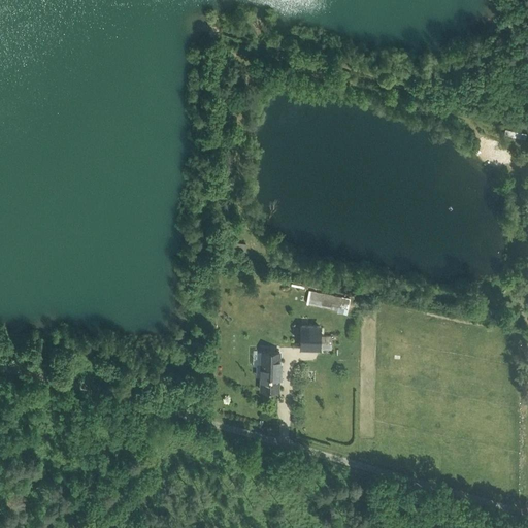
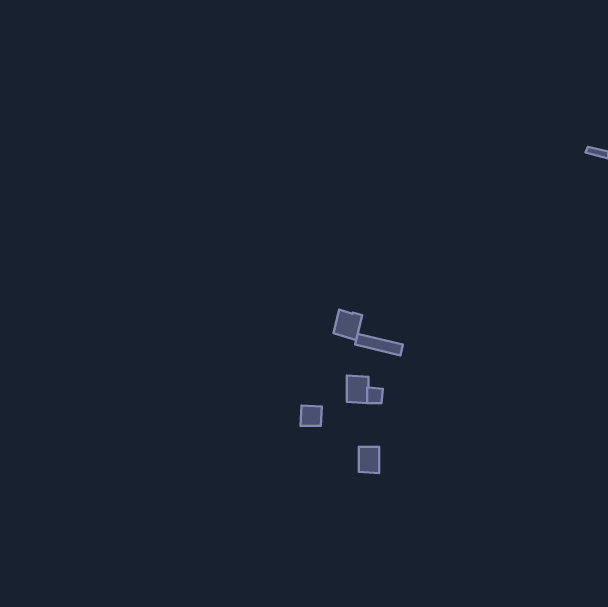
building: none -> [334,309,362,340]
building: [260,370,277,393] -> [359,447,379,473]

